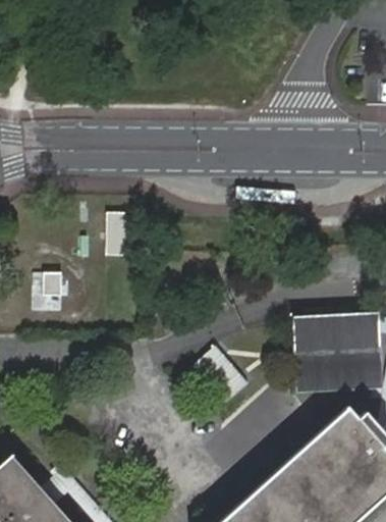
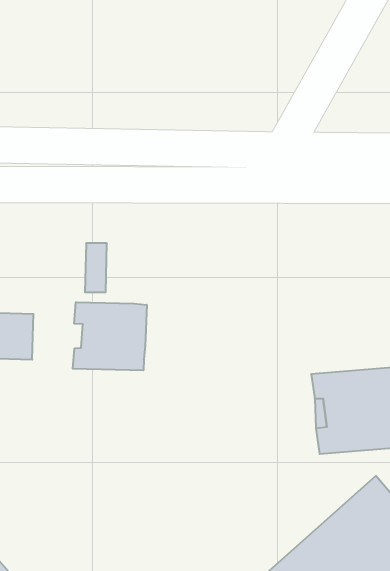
building: none -> [73,302,147,370]

